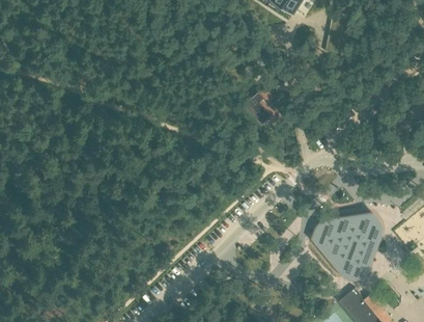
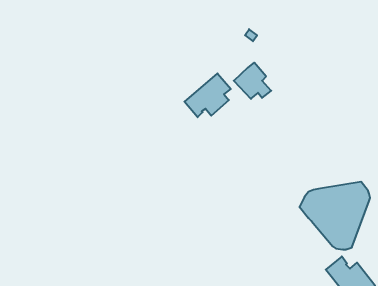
building: none -> [184,73,231,117]

